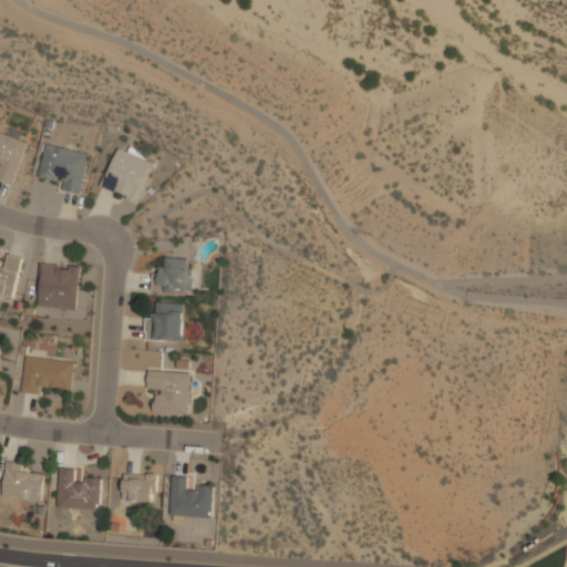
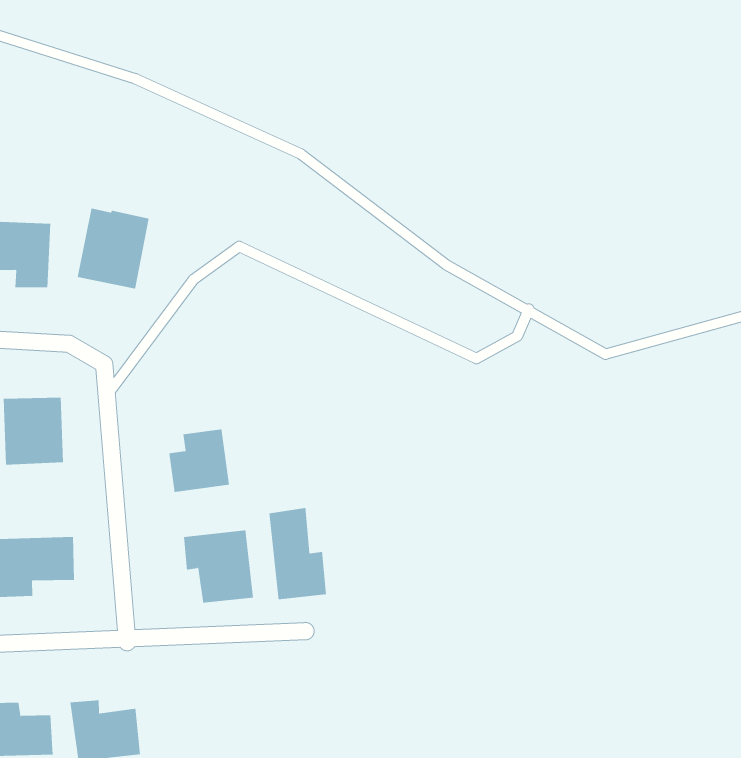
building: [152,257,192,292] -> none
building: none -> [269,507,327,600]
building: [122,473,157,502] -> none
building: [169,475,213,517] -> none

